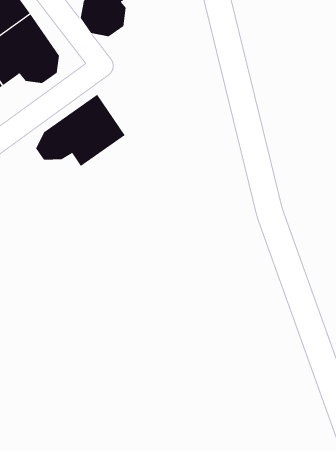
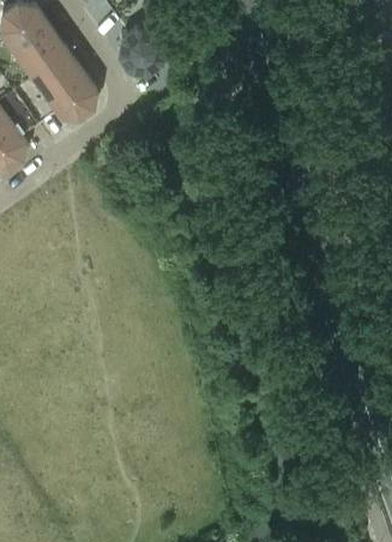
building: [36,94,125,167] -> none

